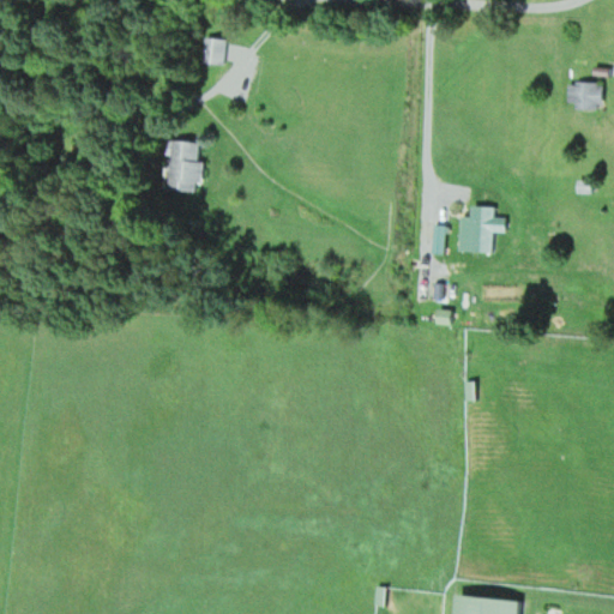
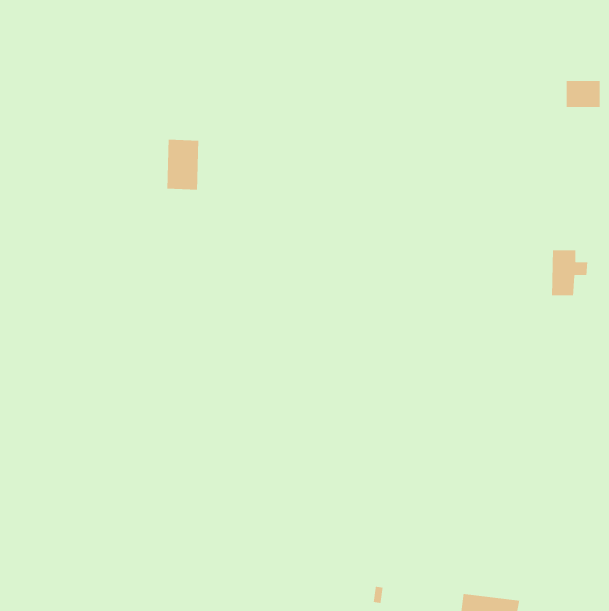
building: [201,37,224,65] -> none
building: [468,206,505,253] -> [551,249,588,296]

